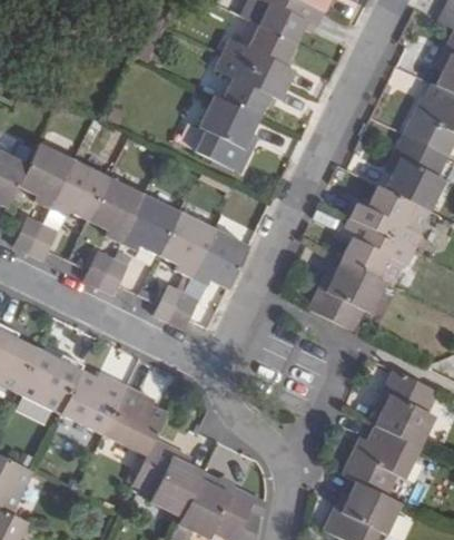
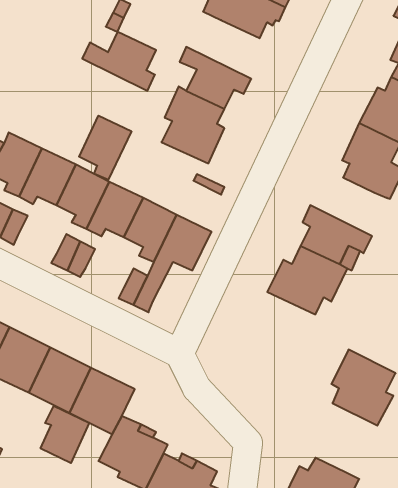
building: [221,26,298,87] -> [82,32,156,91]
building: none -> [79,116,131,180]
building: [351,185,431,251] -> none
building: [338,424,421,497] -> none
building: none -> [41,406,89,463]

